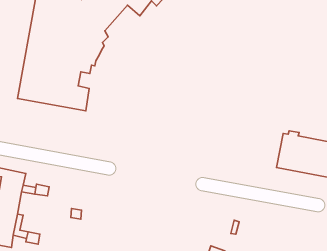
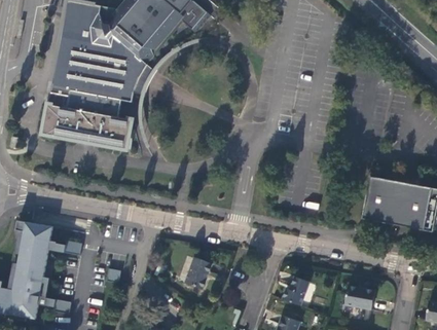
building: none -> [183,257,209,288]
building: none -> [281,277,307,305]
building: none -> [344,286,373,308]

